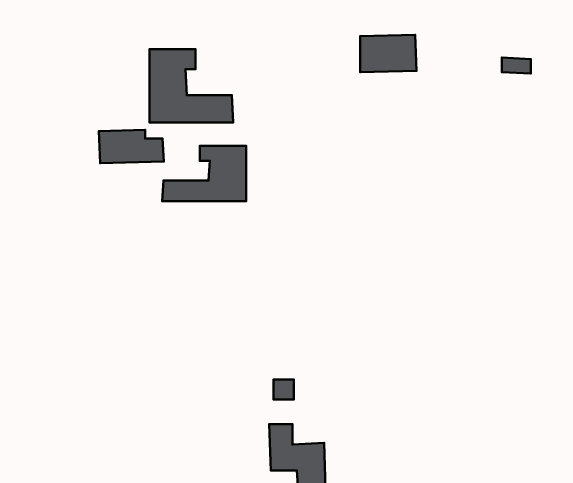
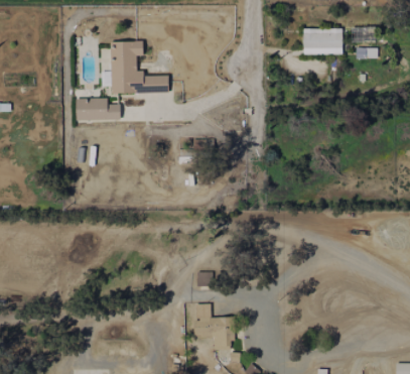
building: [360,35,417,72] -> [303,28,343,54]
building: [162,146,246,201] -> none

